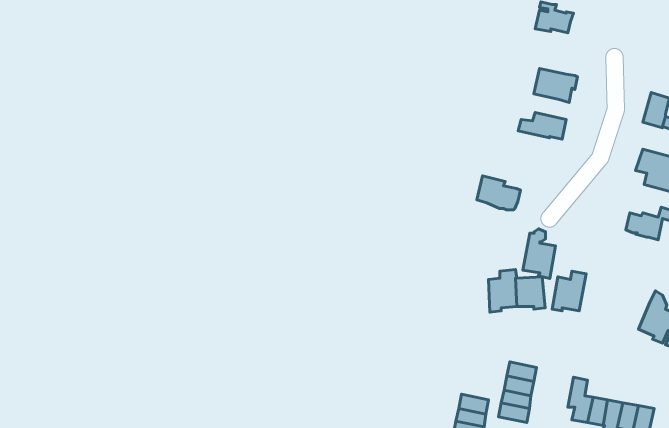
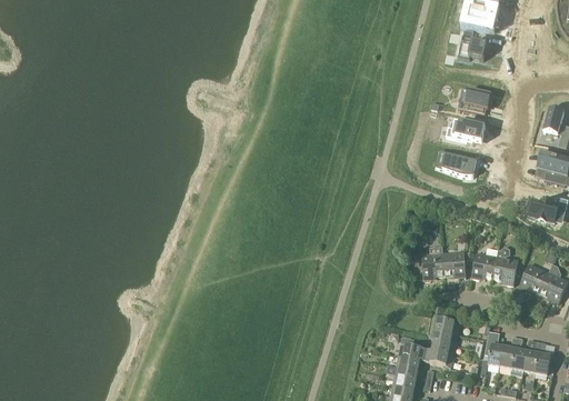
building: [477,176,521,210] -> [442,150,477,177]
building: [523,229,555,279] -> [492,244,518,283]
building: none -> [518,261,548,291]

